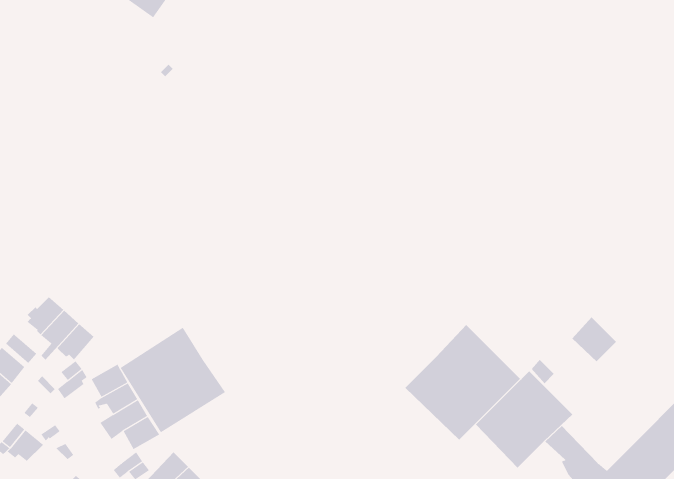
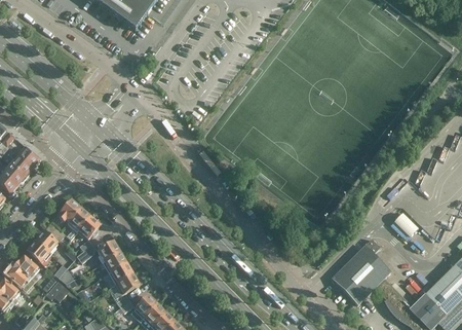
building: [405,324,521,441] -> none
building: [120,327,226,433] -> none

